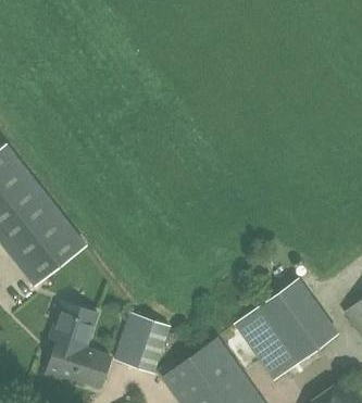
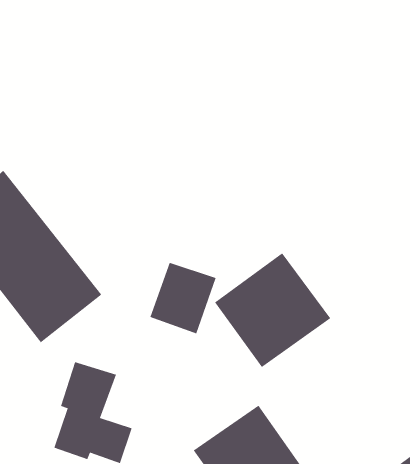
building: [236,282,333,378] -> [214,253,331,368]
building: [115,313,171,373] -> [149,262,216,334]

